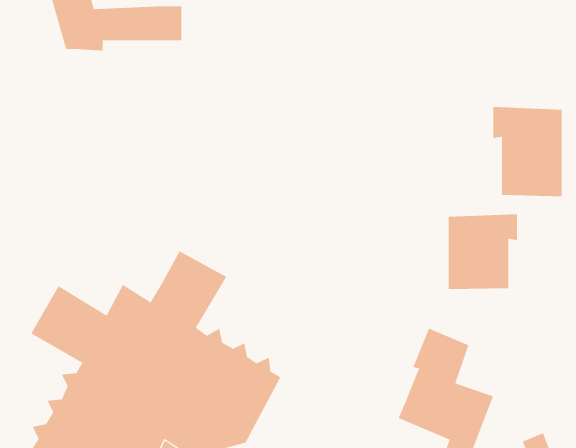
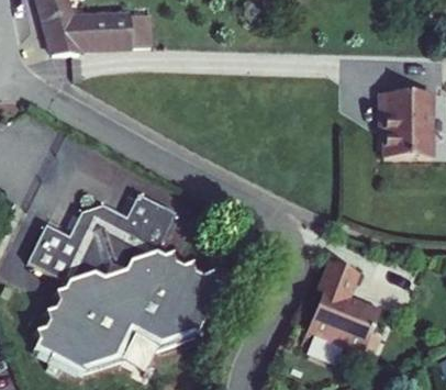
building: [448,214,517,290] -> none
building: none -> [69,208,129,249]

